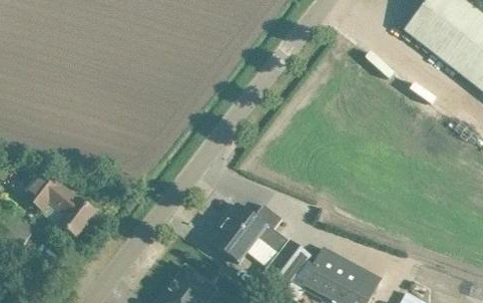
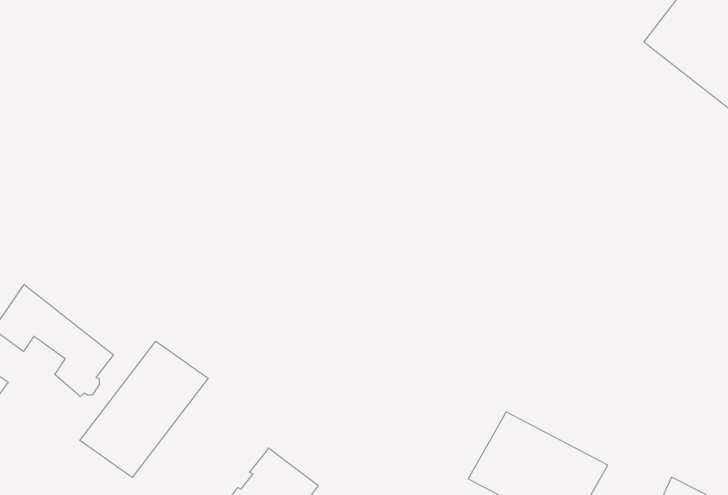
building: none -> [80,341,208,477]
building: [211,205,311,289] -> none

